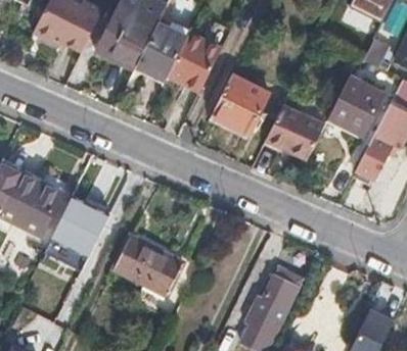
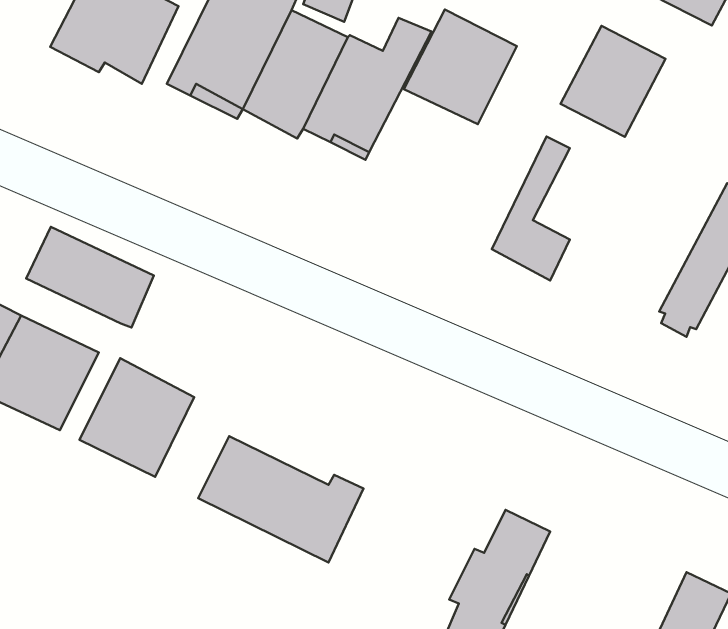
building: [211,73,270,134] -> [404,9,517,124]
building: [328,74,383,133] -> [560,26,666,137]
building: none -> [26,227,154,328]

